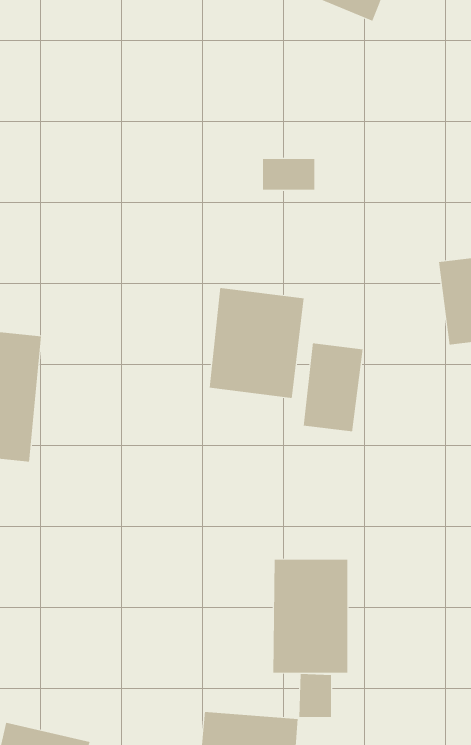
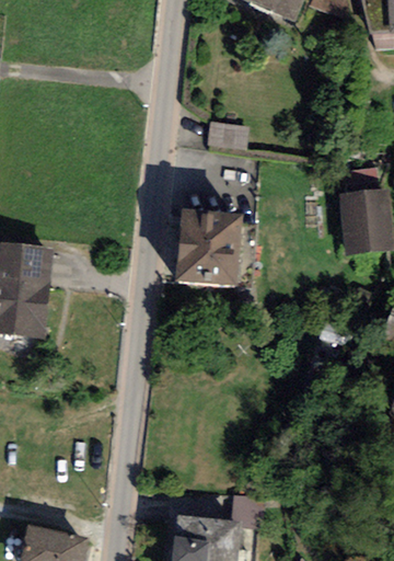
building: [303,343,363,432] -> none
building: [273,559,348,674] -> none

